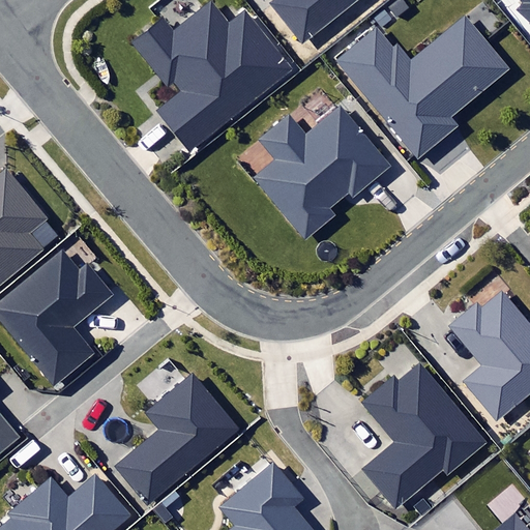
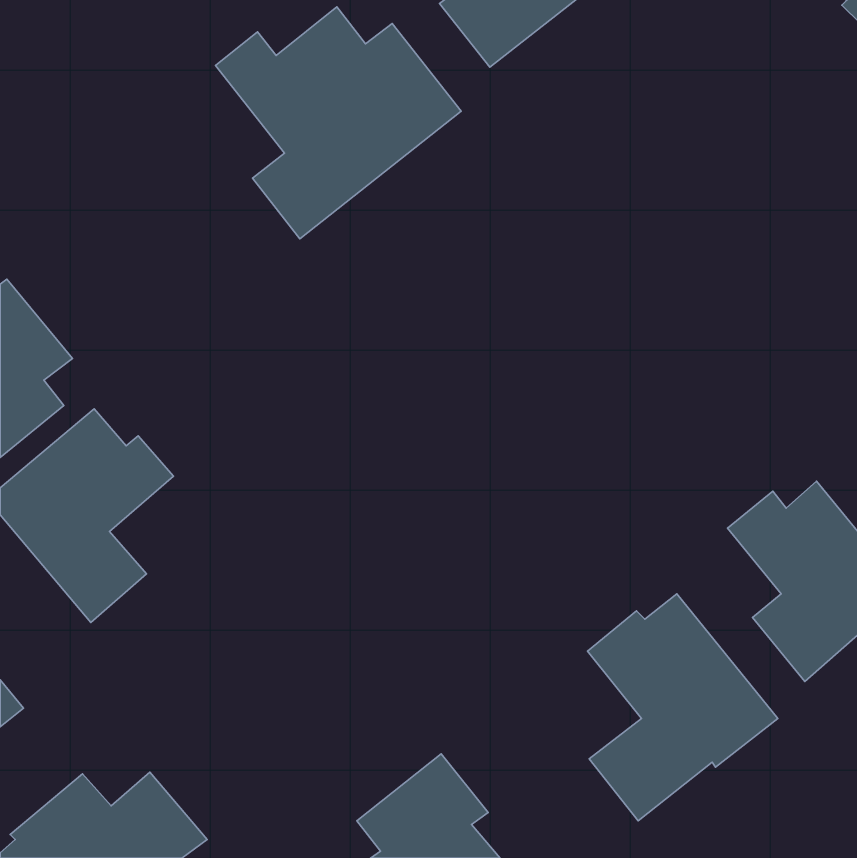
building: [337,16,506,158] -> none
building: [256,109,389,240] -> none
building: [118,376,236,502] -> none

